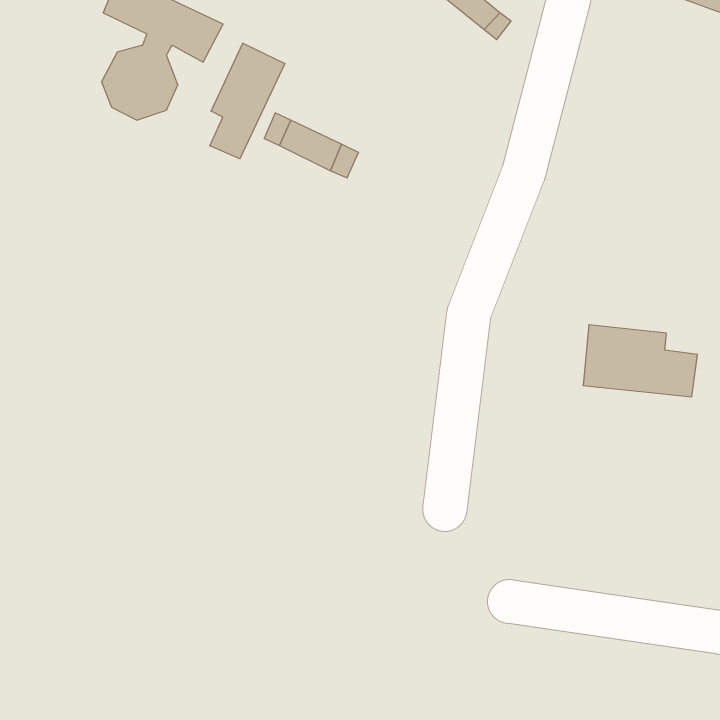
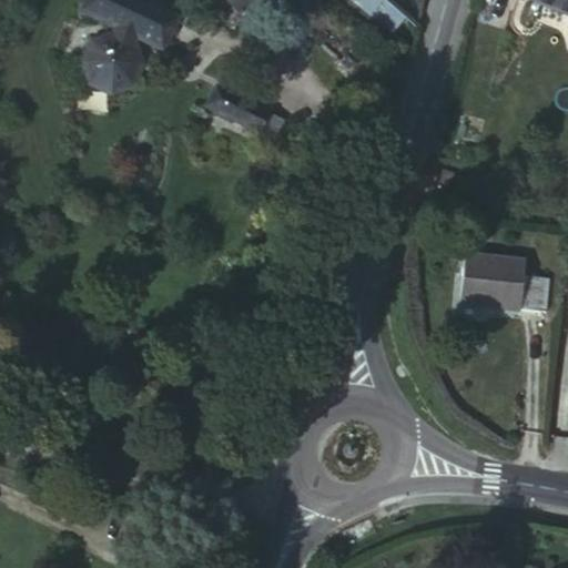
building: [210,43,285,159] -> none

